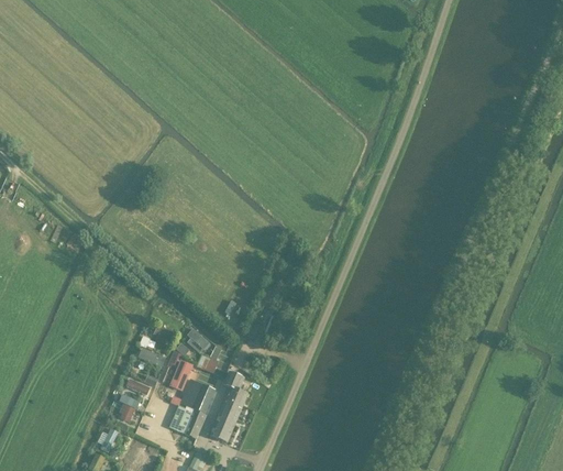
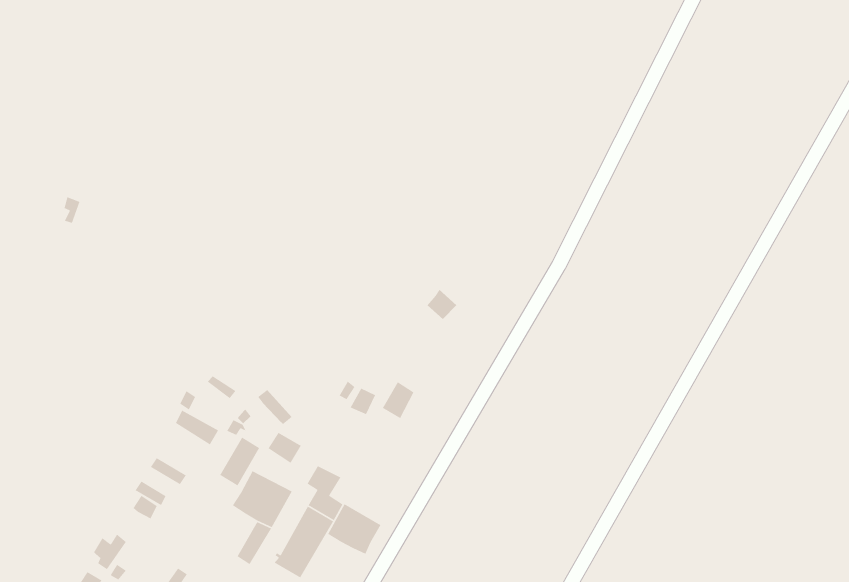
building: none -> [327,503,381,555]
building: [168,405,195,434] -> none

